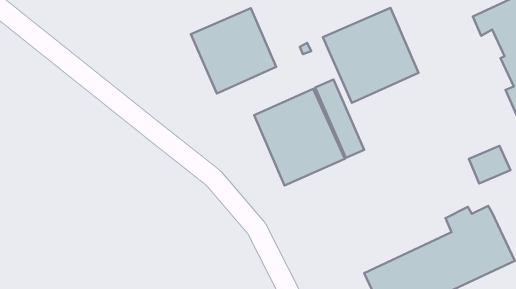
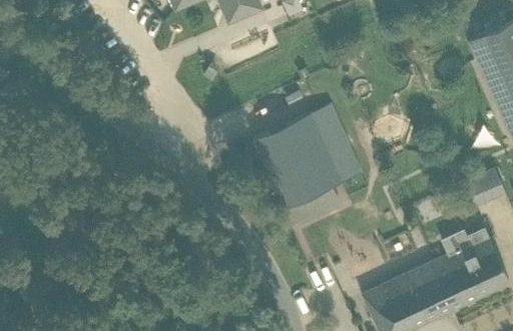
building: [323,8,419,103] -> none
building: [191,8,276,93] -> none

